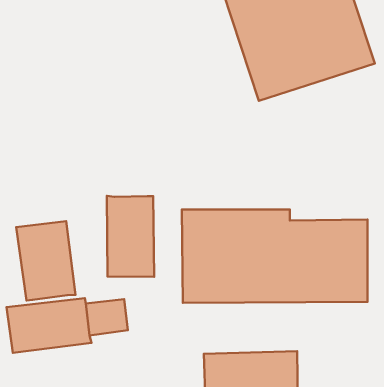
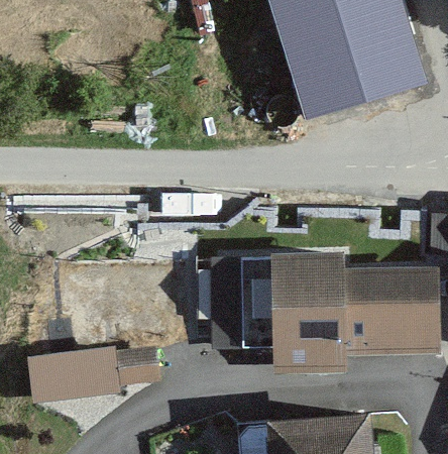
building: [107,196,154,277] -> none
building: [16,221,76,301] -> none

